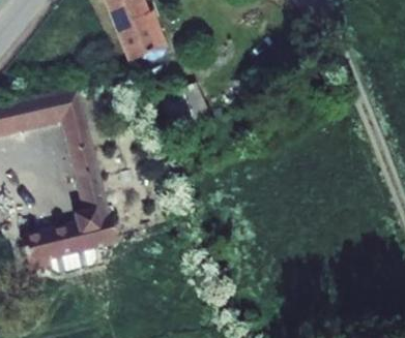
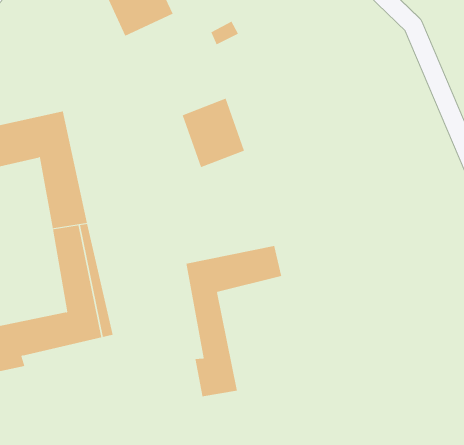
building: [122,13,177,62] -> none
building: none -> [186,245,282,397]

